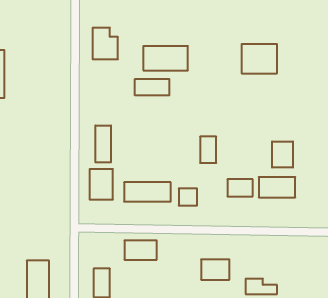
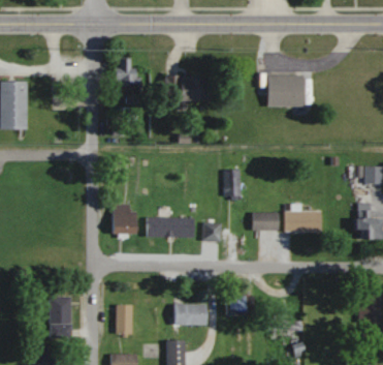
building: [135,79,169,95] -> none
building: [95,125,111,162] -> none
building: [272,141,293,168] -> none
building: [124,240,157,260] -> [173,304,206,324]

